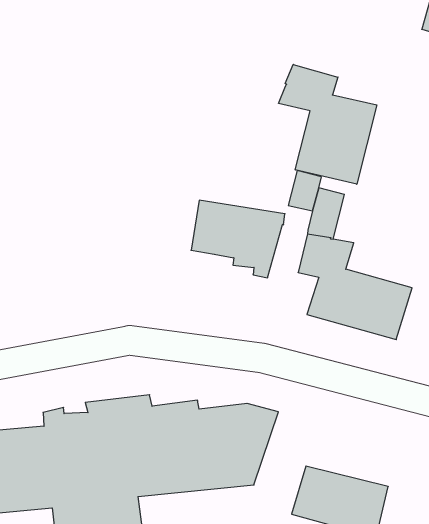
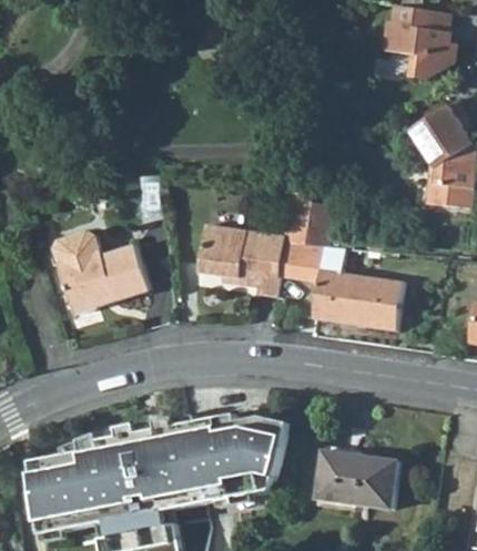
building: [279,64,377,184] -> none
building: none -> [57,231,150,313]
building: none -> [271,241,302,289]

